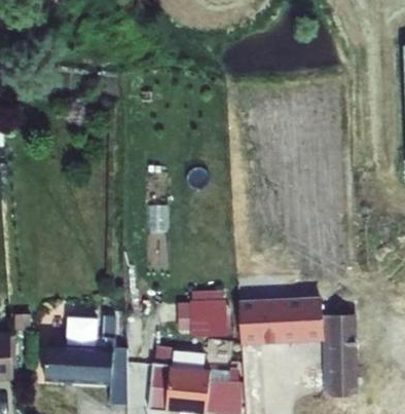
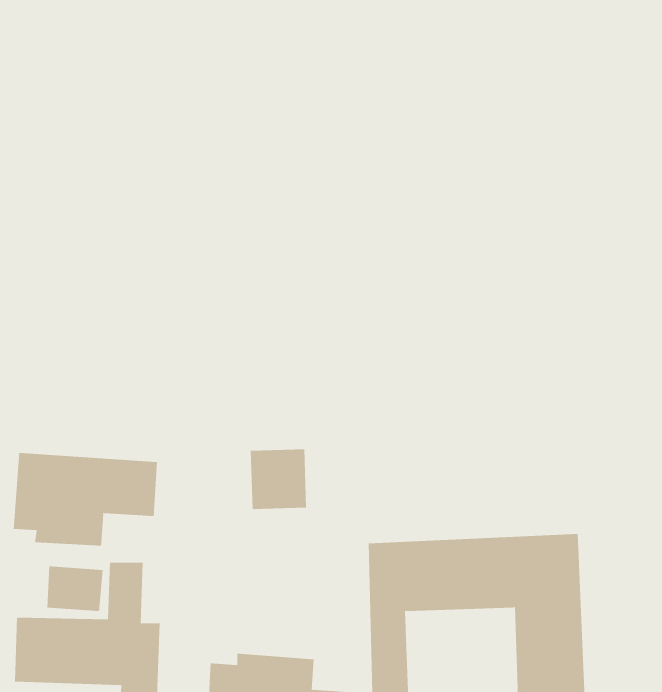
building: none -> [13,452,157,546]
building: [192,301,223,334] -> [250,449,307,510]

